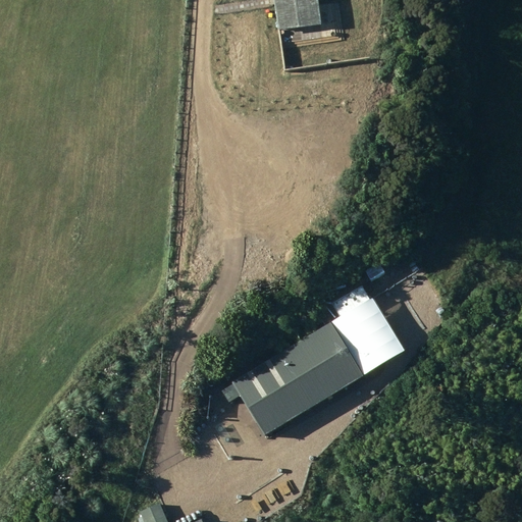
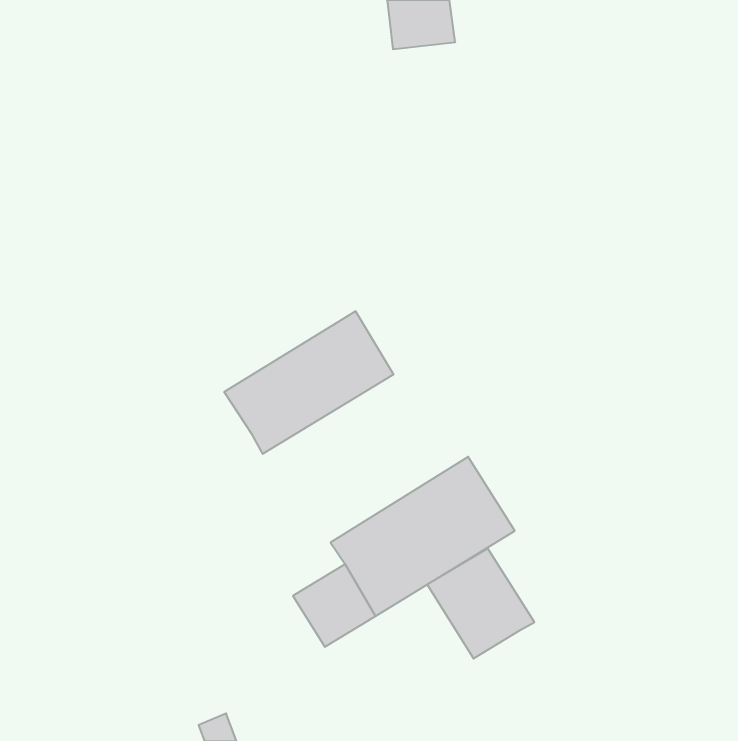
building: none -> [224,311,393,454]
building: [331,296,407,373] -> [427,548,534,659]

